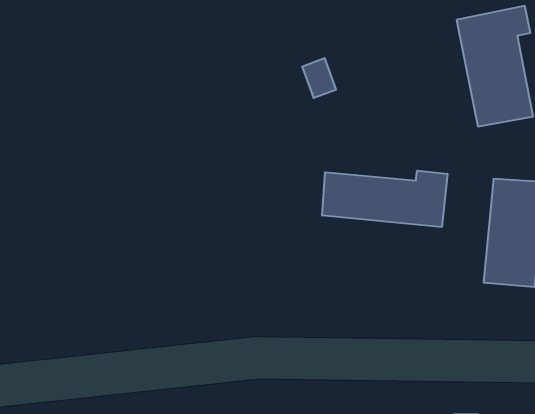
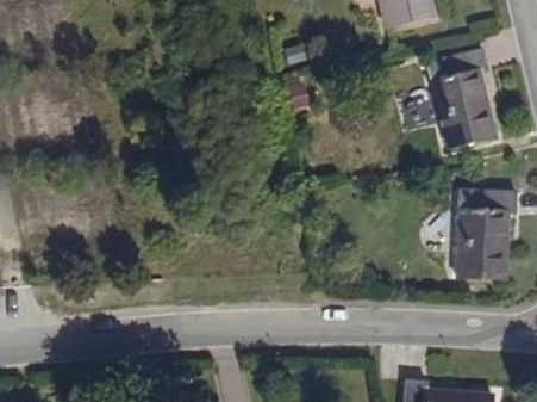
building: [322,171,448,227] -> none

